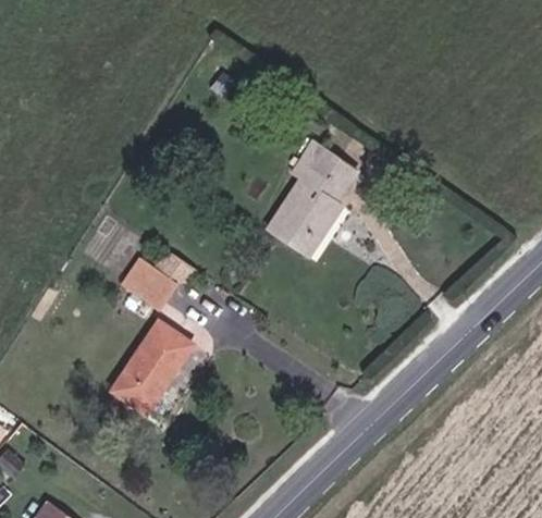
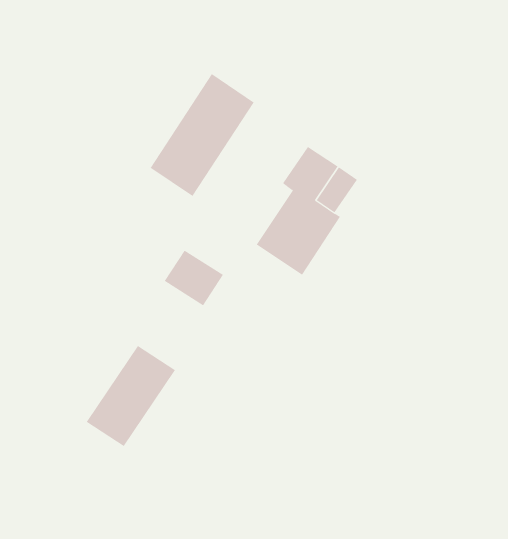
building: none -> [150,73,255,197]
building: [122,259,176,310] -> [164,250,224,306]

